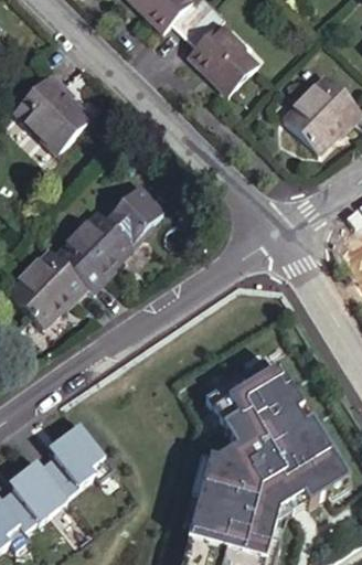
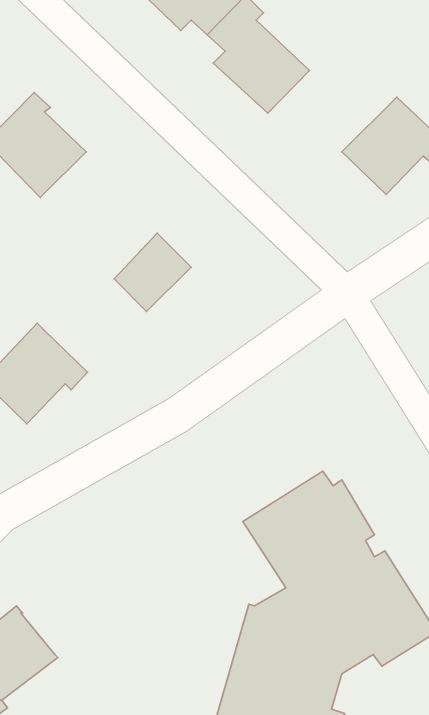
building: [58,207,138,289] -> none
building: [41,422,116,494] -> none

